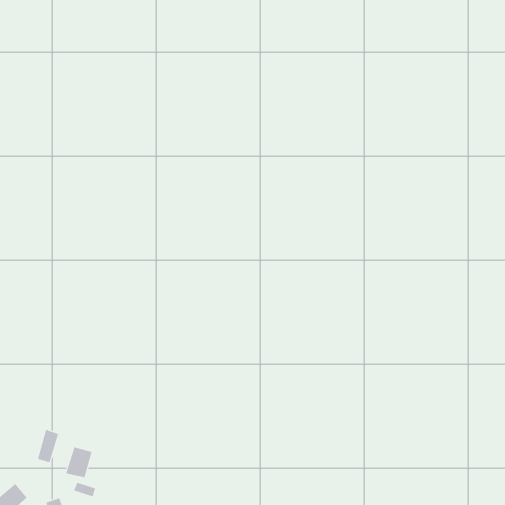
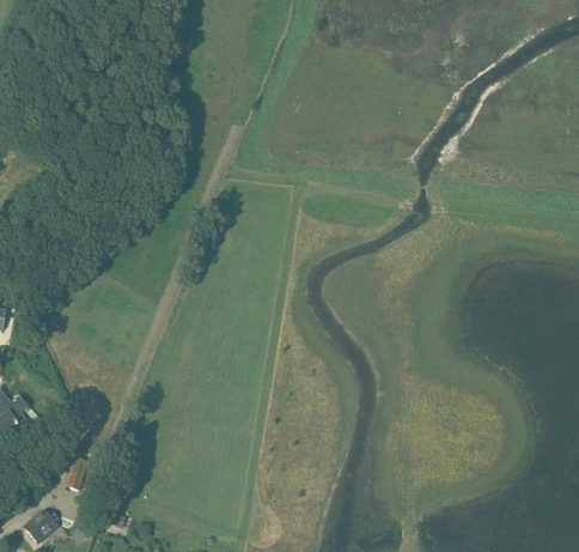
building: [66,446,92,478] -> none

